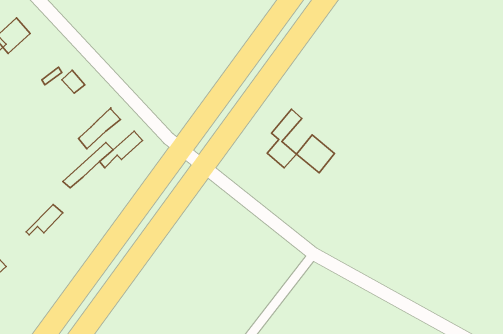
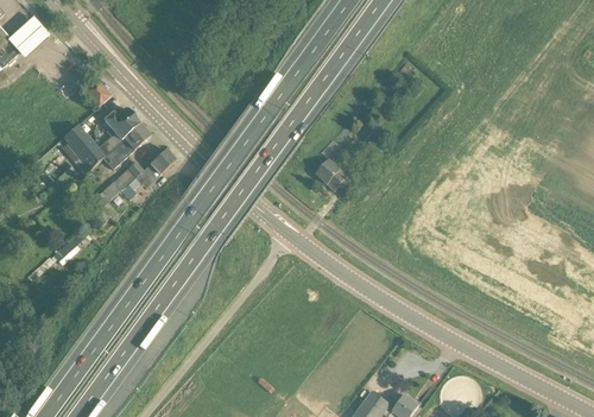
building: none -> [103,108,139,144]
building: none -> [63,125,103,166]
building: [297,135,334,173] -> none

